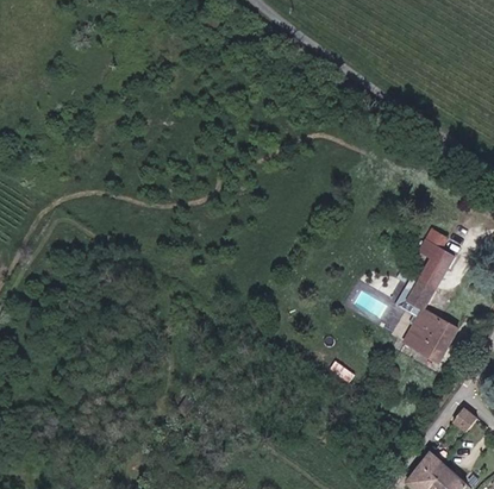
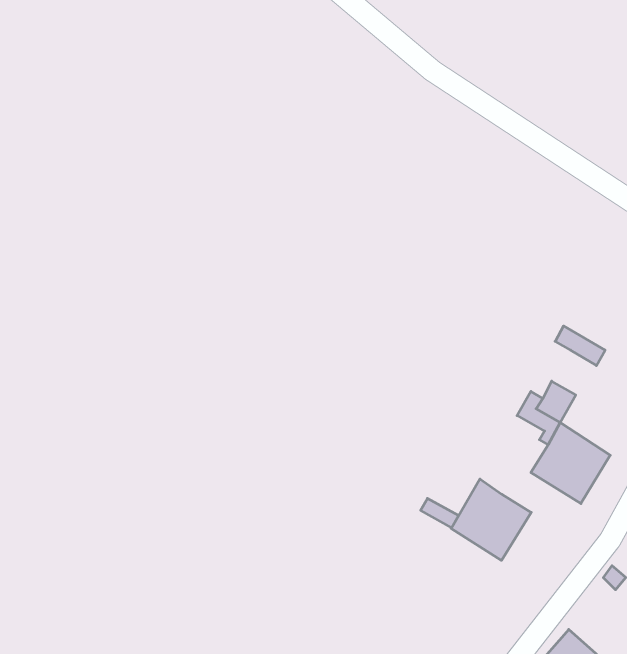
building: [418,259,449,290] -> none
building: none -> [451,479,531,560]

